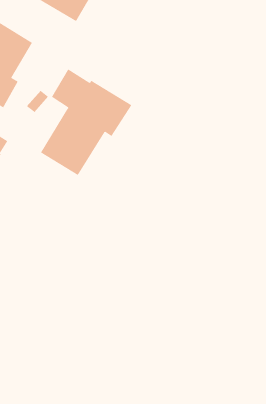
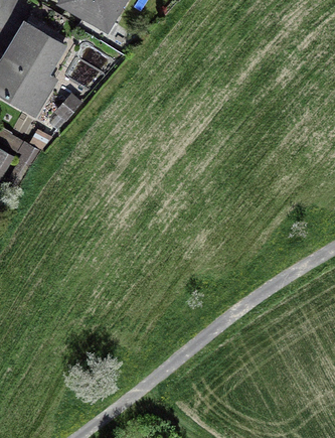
building: [40,69,132,176] -> none

